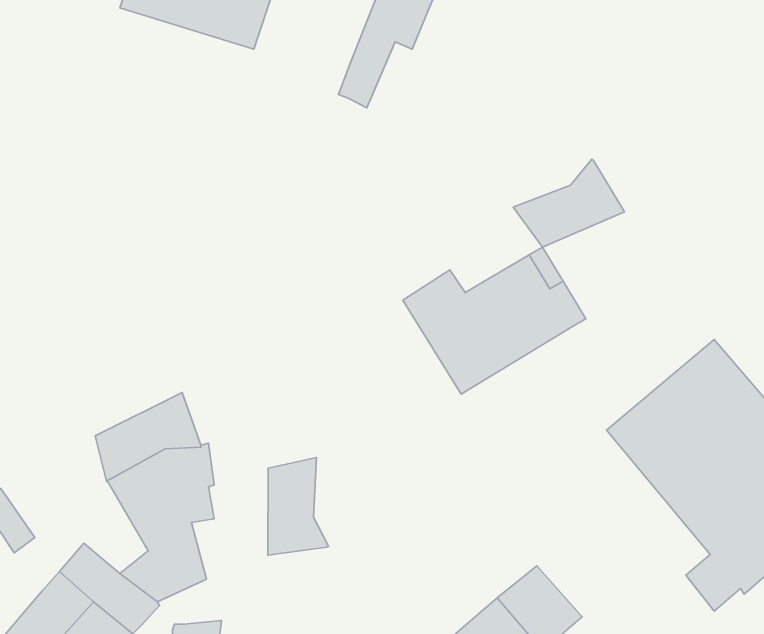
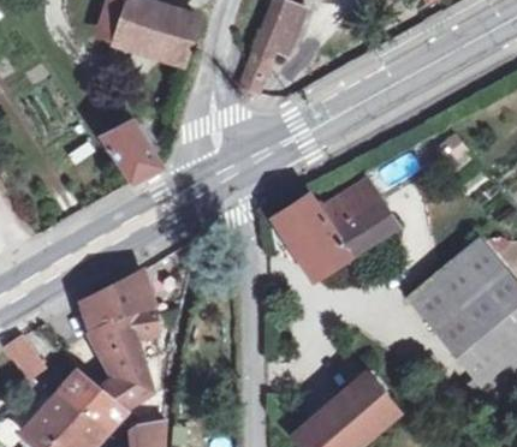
building: none -> [100,120,159,180]
building: [513,159,624,247] -> none
building: [268,457,329,555] -> none

